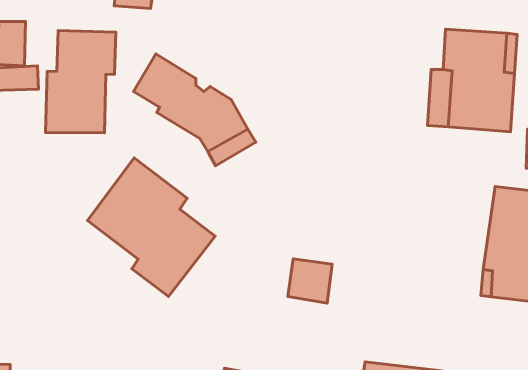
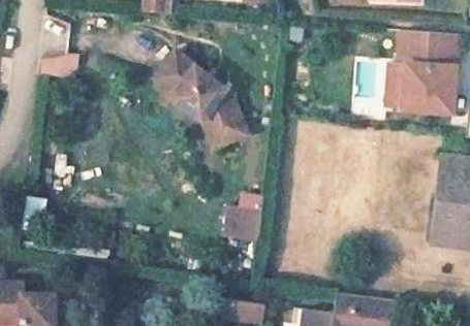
building: [45,30,116,133] -> none
building: [88,158,215,297] -> none
building: [288,259,332,303] -> [224,208,259,243]

